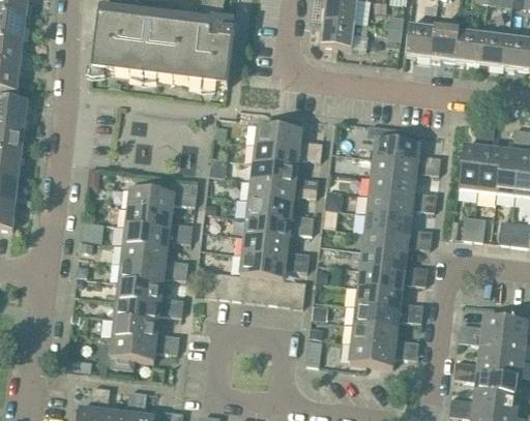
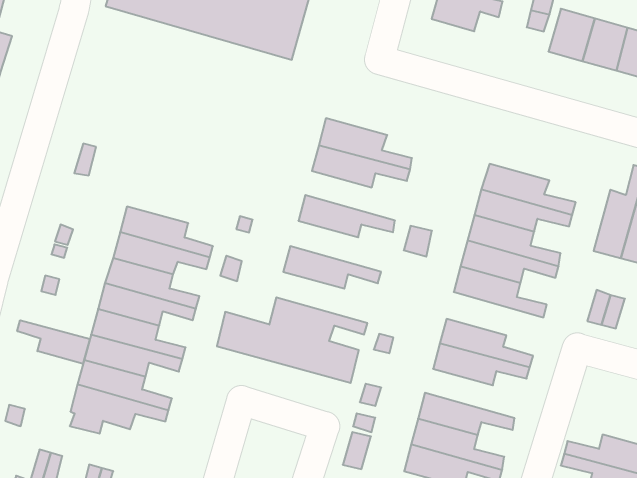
building: [251,161,317,187] -> none
building: [127,179,197,211] -> none
building: [245,198,313,224] -> none
building: [362,231,430,255] -> none
building: [241,235,308,262] -> none
building: [355,287,421,312] -> none
building: none -> [17,320,90,364]

